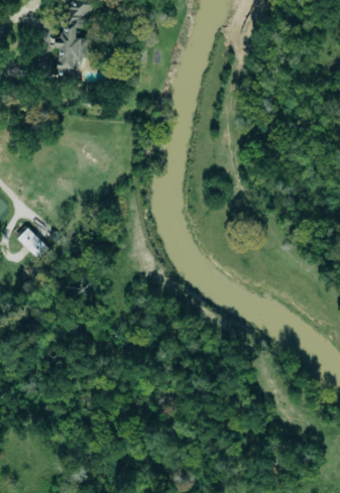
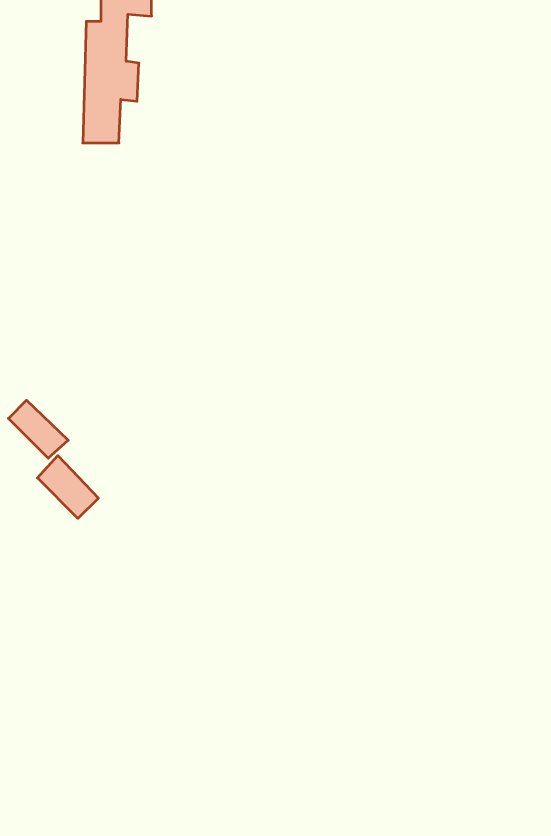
building: none -> [37,456,98,518]

